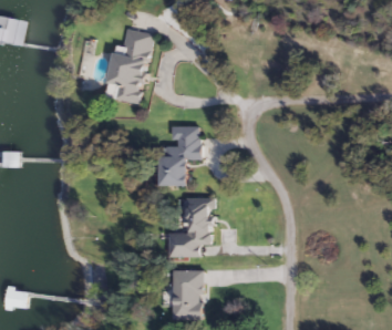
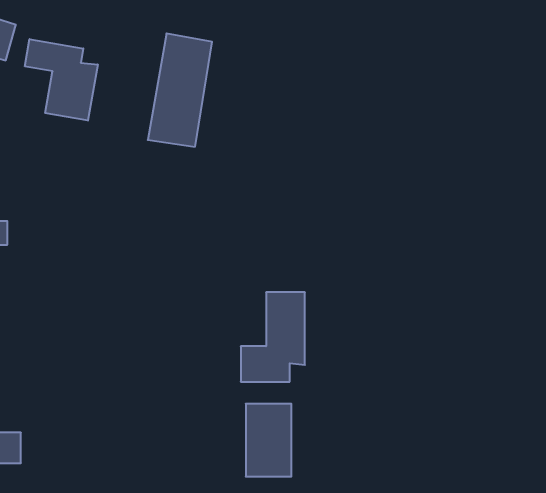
building: none -> [25,39,98,121]
building: [163,126,198,185] -> none

